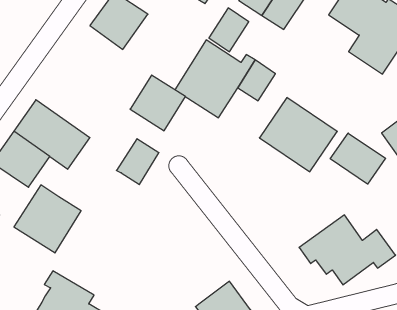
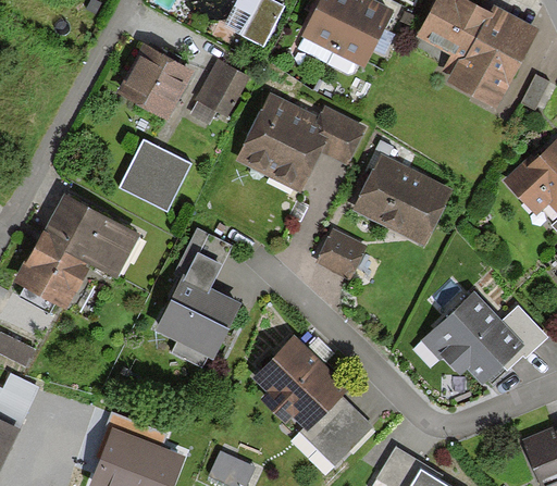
building: [209,8,249,52] -> [197,59,245,114]
building: [130,75,186,131] -> [119,142,187,211]
building: [330,133,386,184] -> none
building: none -> [315,232,362,279]
building: [14,185,81,253] -> [156,275,238,359]
building: none -> [253,338,345,427]

